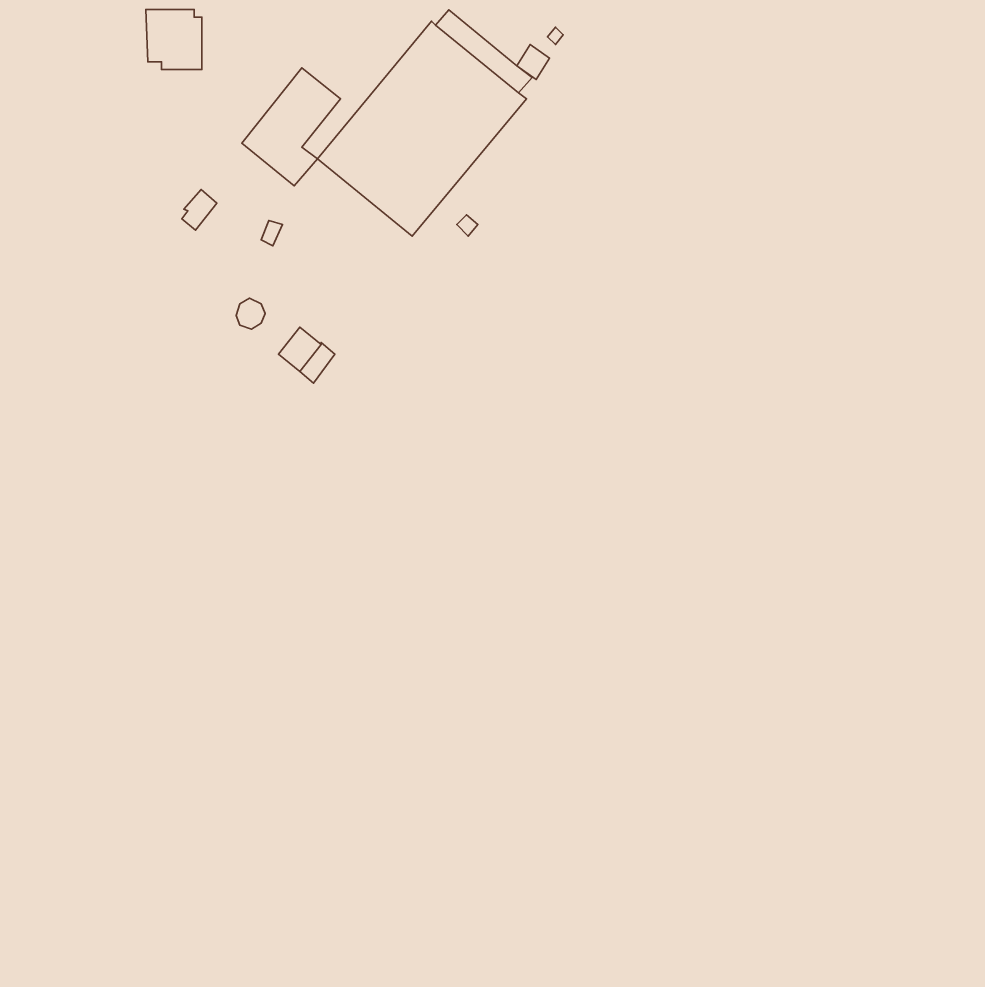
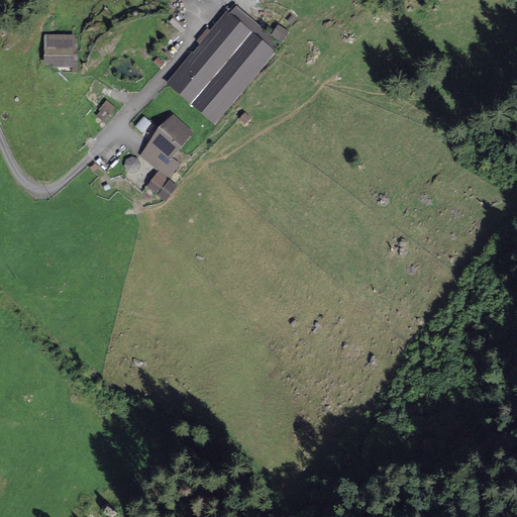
building: [146,9,202,69] -> [44,34,74,66]
building: [242,68,341,186] -> [139,115,191,177]

